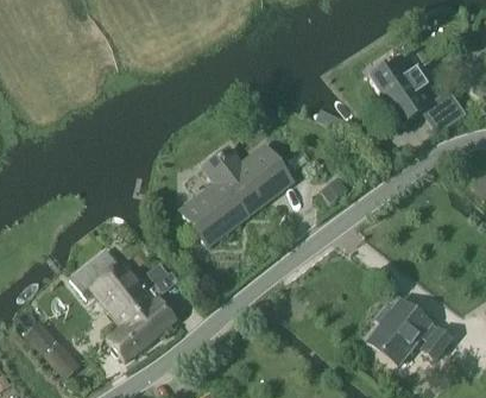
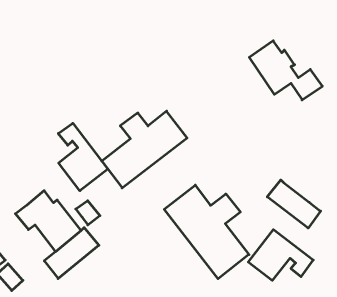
building: none -> [58,123,108,191]
building: none -> [267,180,321,228]
building: none -> [164,185,249,279]

